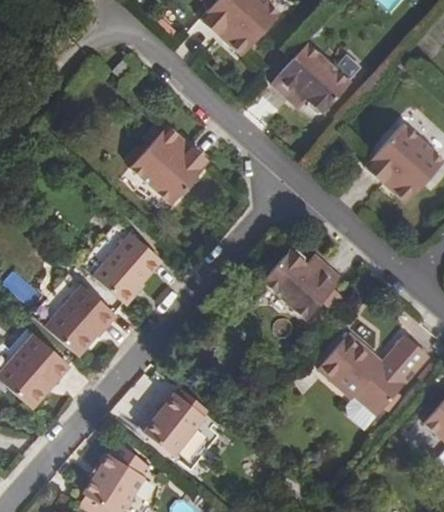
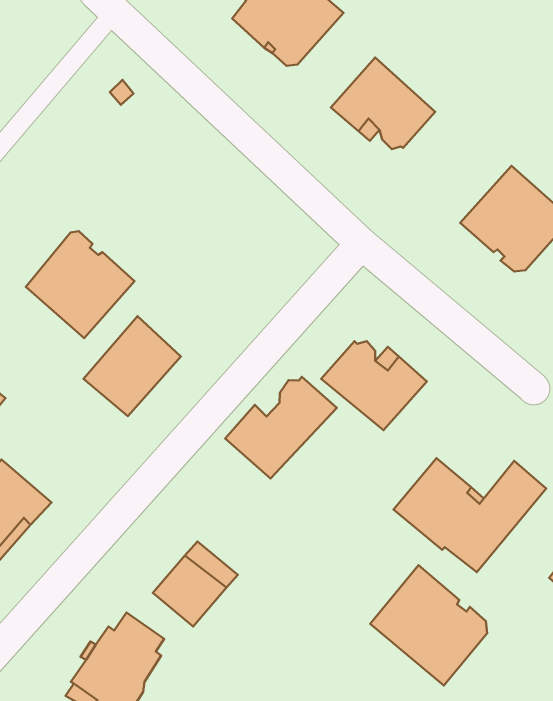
building: [130,126,208,203] -> [26,231,134,338]
building: none -> [225,377,337,479]
building: [45,285,115,356] -> none
building: none -> [370,565,487,685]

